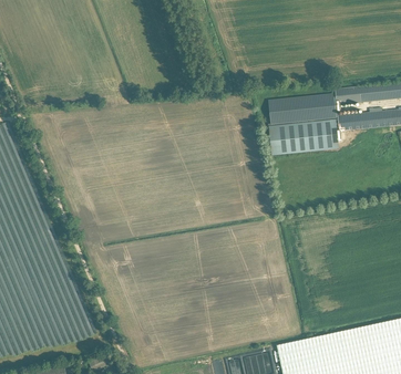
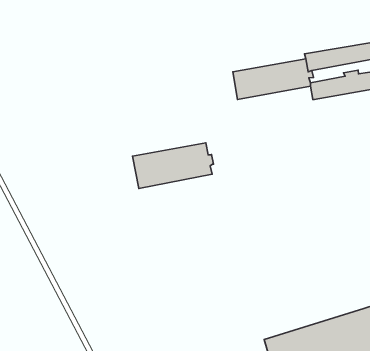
building: [268,120,341,156] -> [133,143,214,189]

